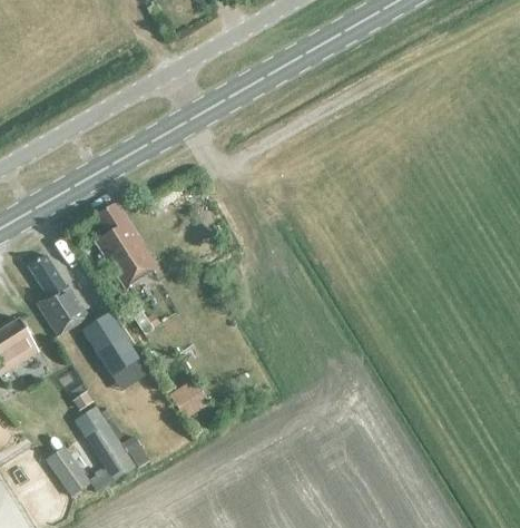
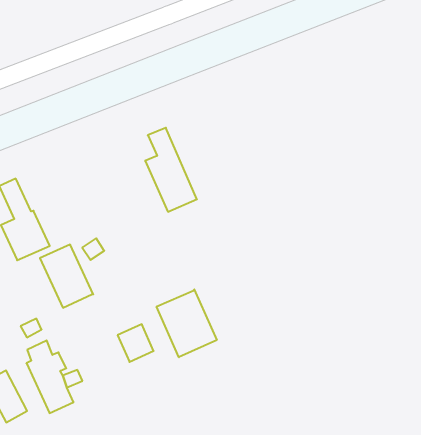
building: [98,203,156,285] -> [145,128,197,212]
building: none -> [157,289,217,357]

